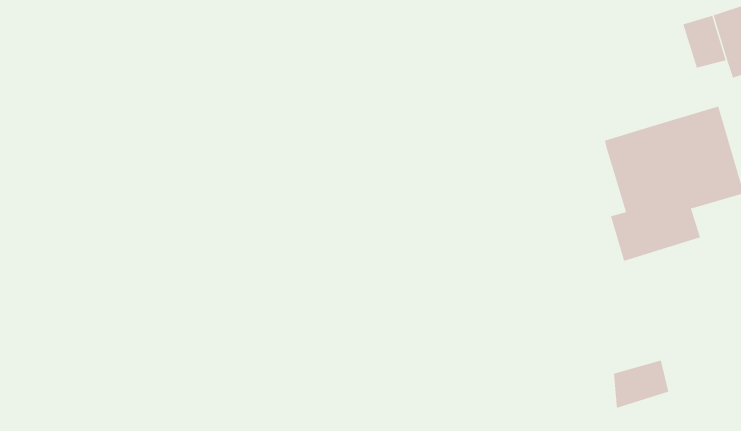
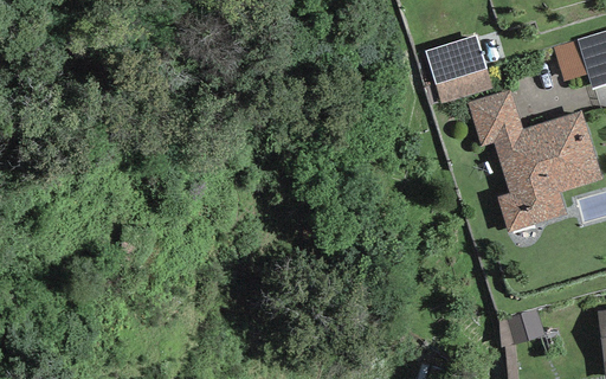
building: none -> [424,34,491,103]
building: none -> [468,89,522,146]

